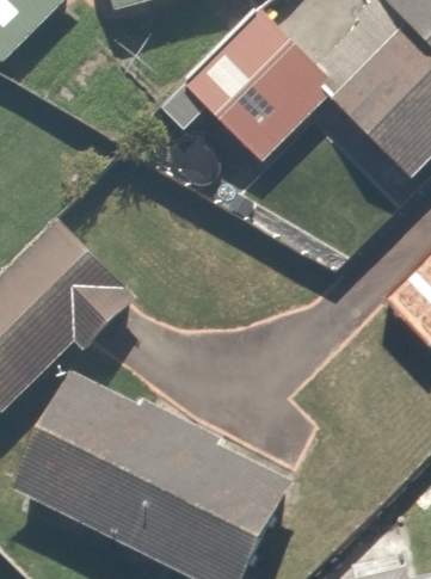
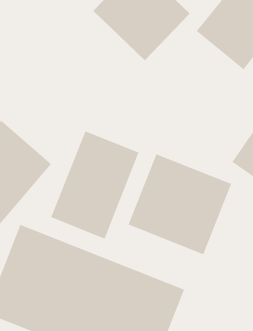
building: none -> [51,130,139,239]
building: none -> [128,153,232,255]

